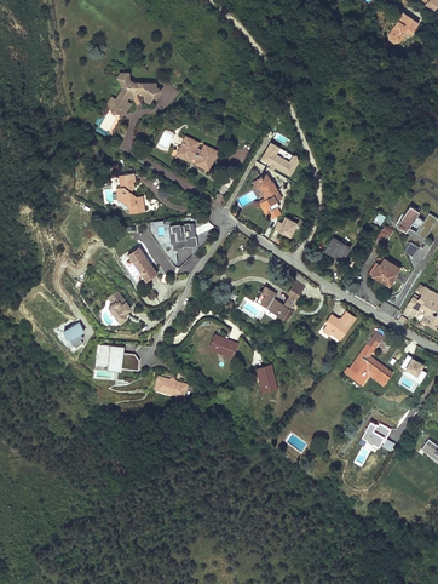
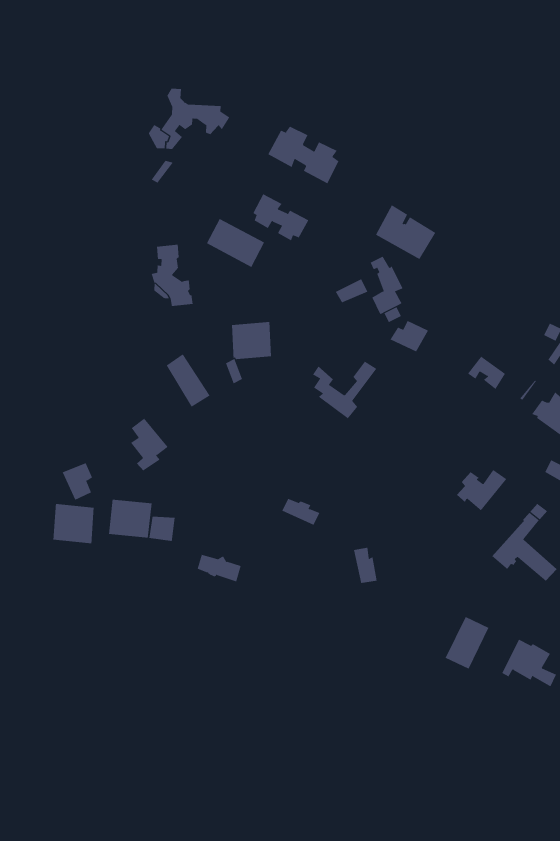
building: none -> [267,126,339,184]
building: none -> [206,218,265,268]
building: [263,282,305,321] -> [312,361,377,419]
building: none -> [53,503,94,544]
building: none -> [445,616,489,670]

